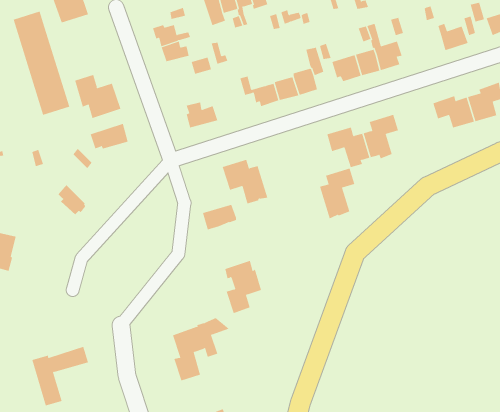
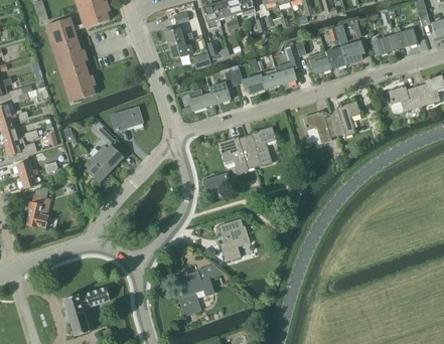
building: none -> [371,34,398,55]
building: [74,74,121,119] -> none
building: none -> [208,70,236,105]
building: [319,168,355,219] -> [247,126,276,167]
building: none -> [92,145,123,172]

